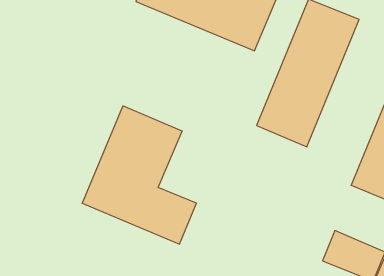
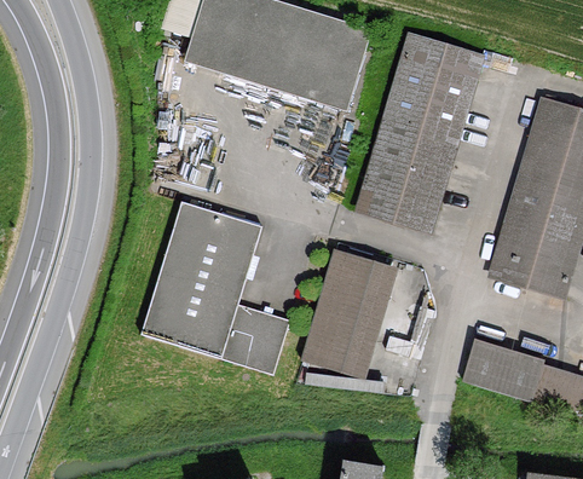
building: none -> [302,252,397,379]

